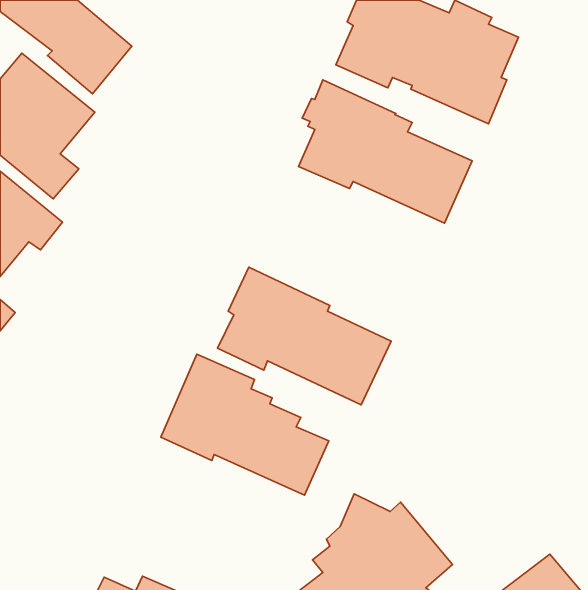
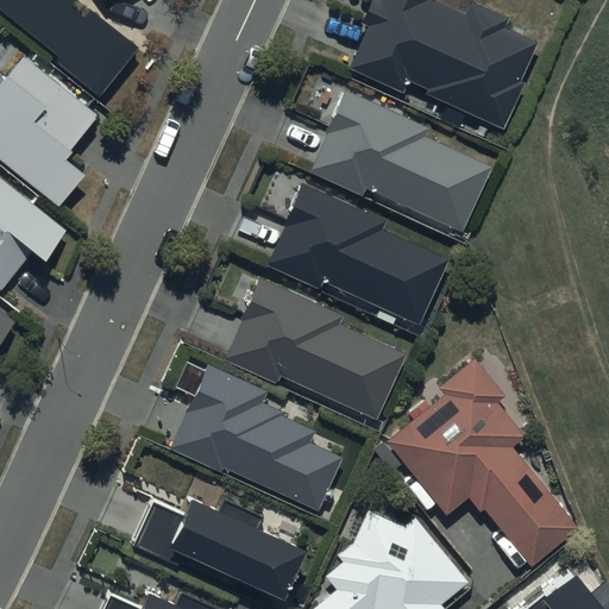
building: none -> [269,184,453,327]
building: none -> [387,358,579,566]
building: none -> [132,497,301,599]

